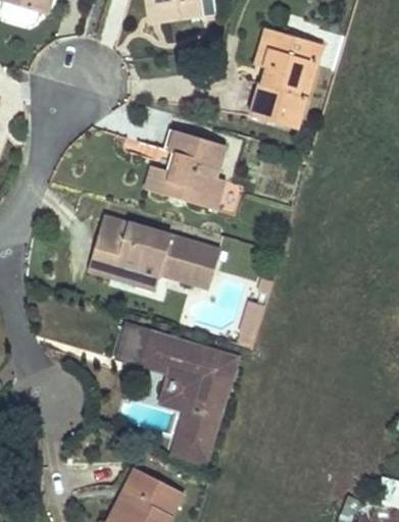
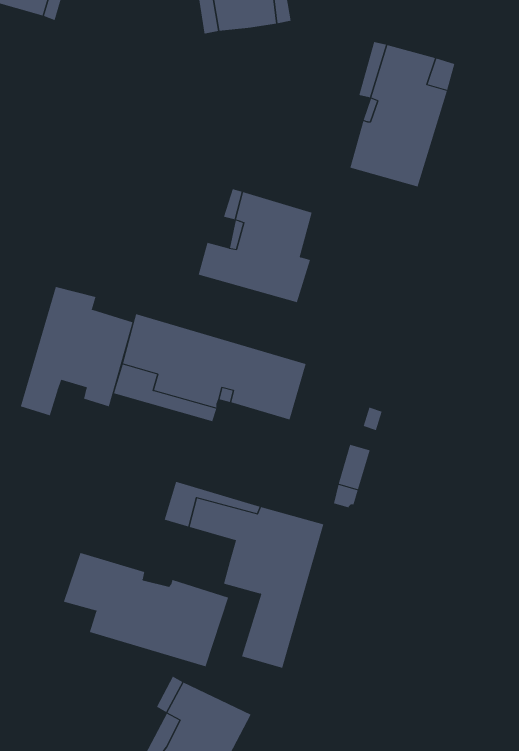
building: none -> [20,286,133,416]
building: none -> [63,552,229,667]

